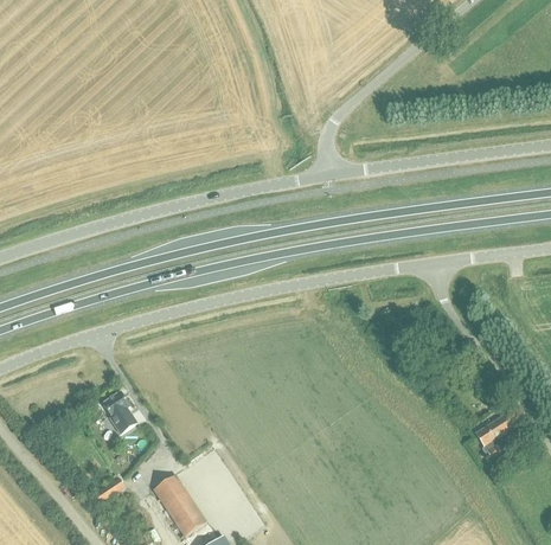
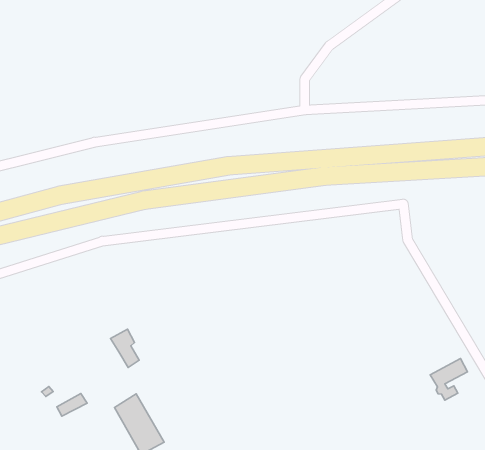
building: [104,393,135,432] -> [111,329,139,367]

